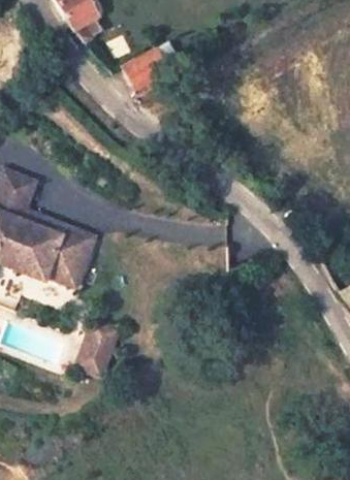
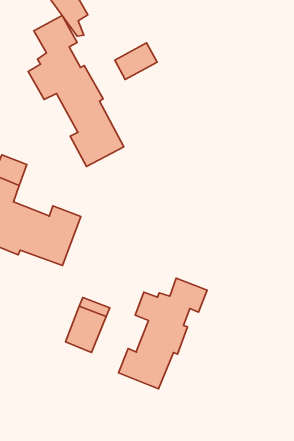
building: none -> [28,16,124,166]
building: none -> [118,278,207,389]

